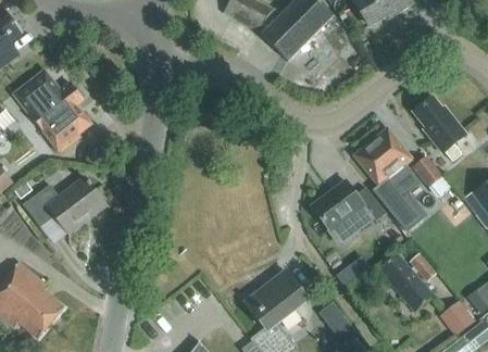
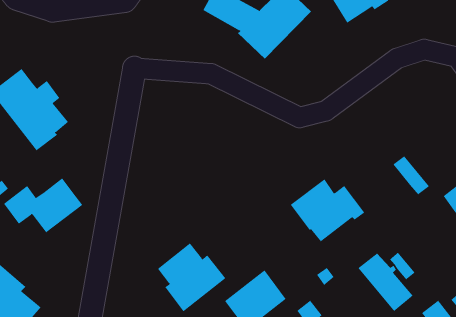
building: [411,97,464,161] -> none
building: [353,128,421,228] -> none
building: none -> [157,242,226,312]

